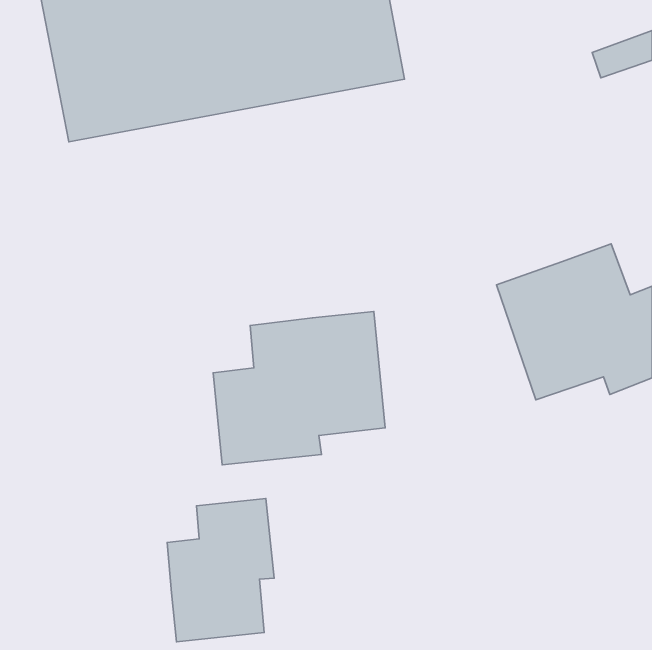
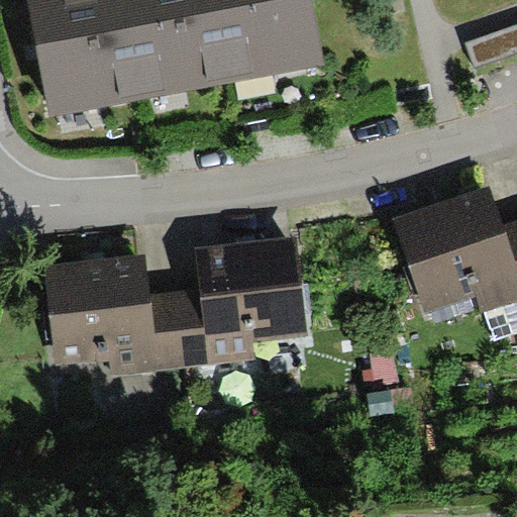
building: none -> [46,264,176,375]
building: [167,498,274,642] -> none

